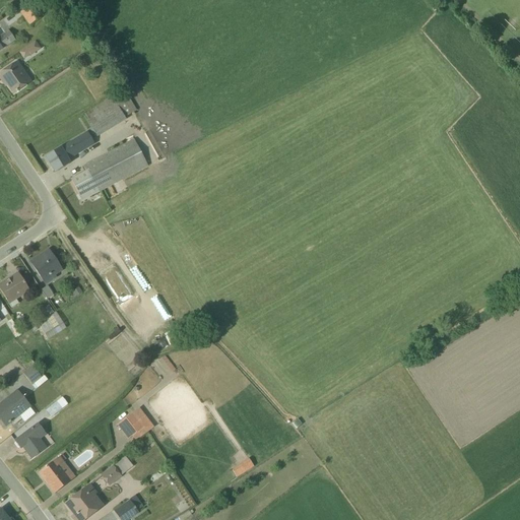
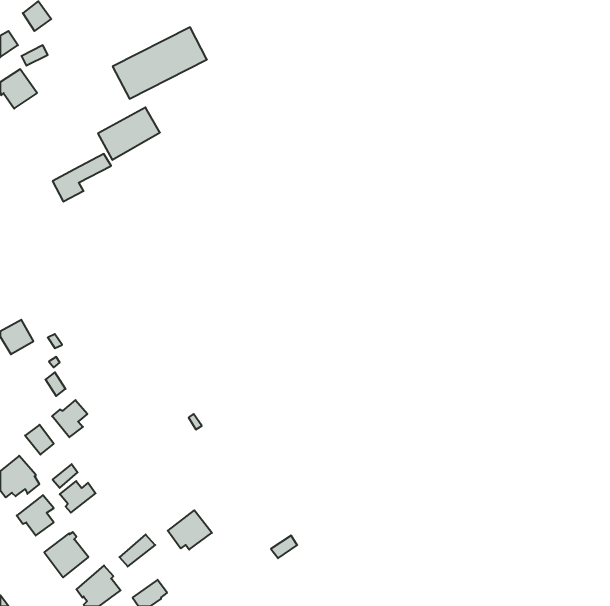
building: [68,138,148,199] -> [113,27,207,99]
building: [29,248,62,283] -> none
building: none -> [52,400,87,437]
building: [116,405,153,439] -> [168,510,212,550]
building: none -> [60,481,96,513]

